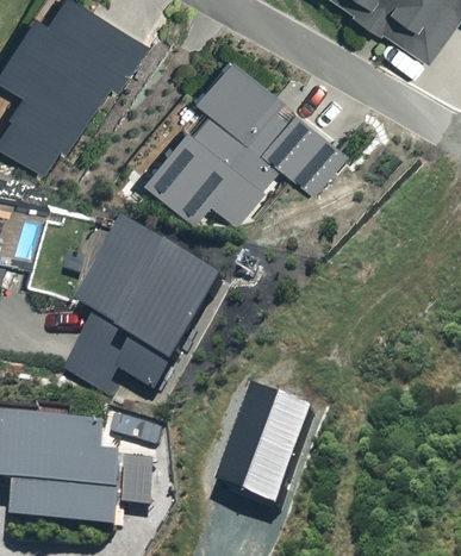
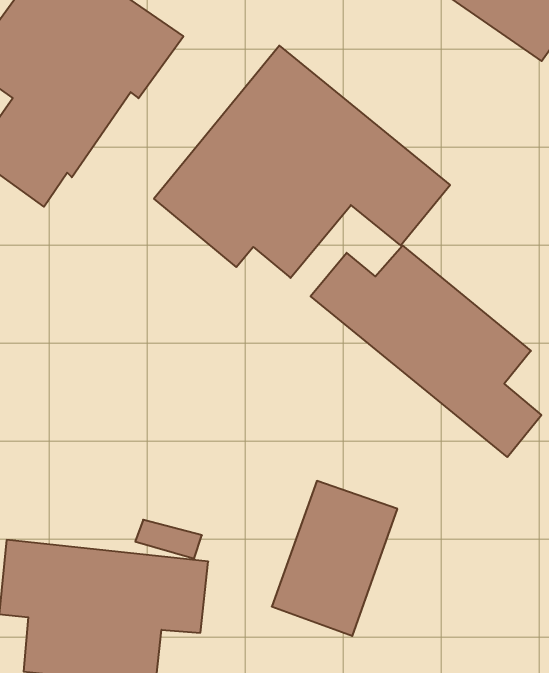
building: none -> [311,246,541,457]
building: [62,214,224,396] -> none

